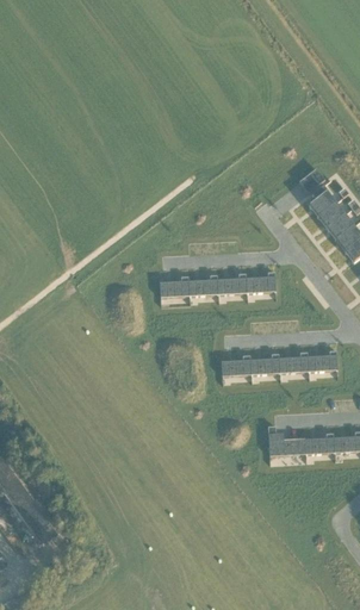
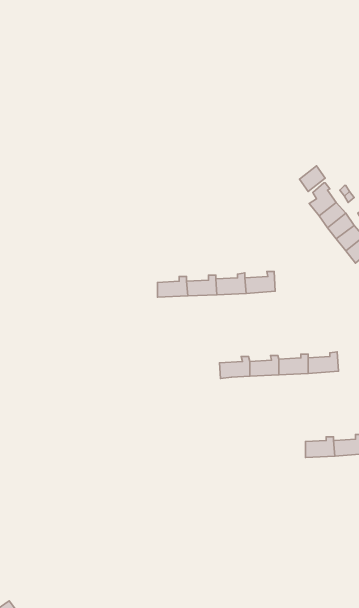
building: [268,427,305,456] -> none

